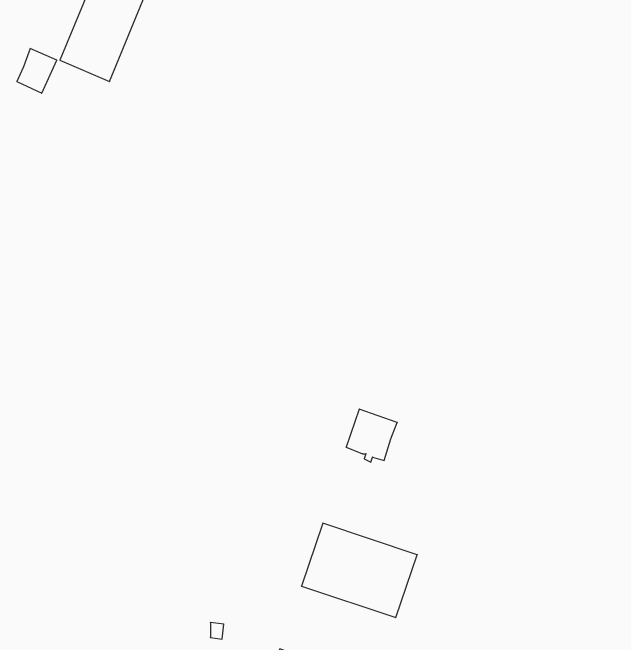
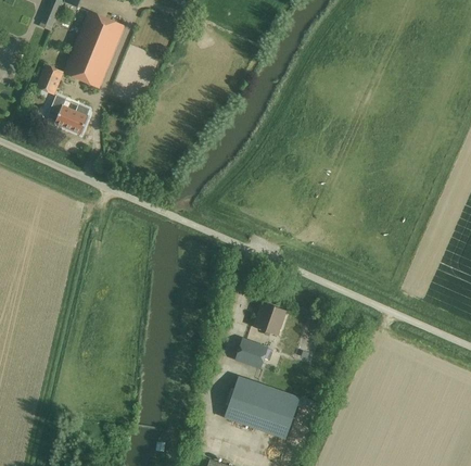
building: none -> [49,96,89,134]
building: none -> [234,339,267,367]

